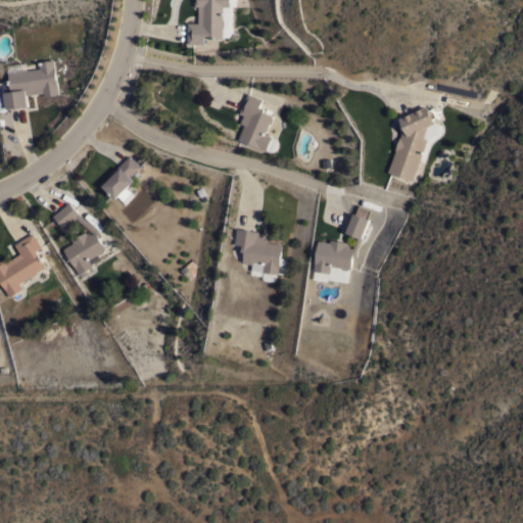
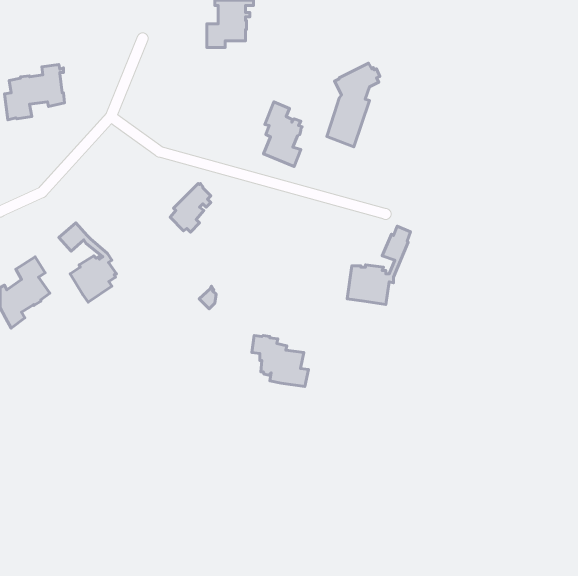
building: [388,106,436,182] -> [327,63,380,147]
building: [103,156,140,200] -> [170,183,211,232]
building: [235,230,286,276] -> [252,336,308,386]

